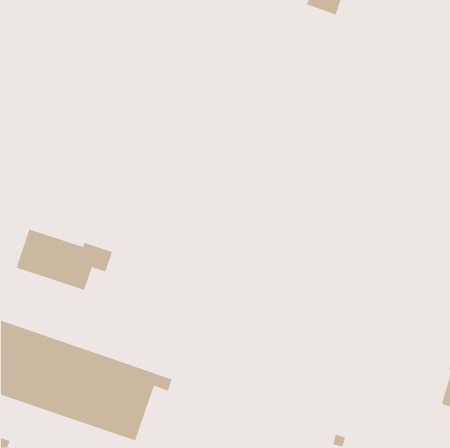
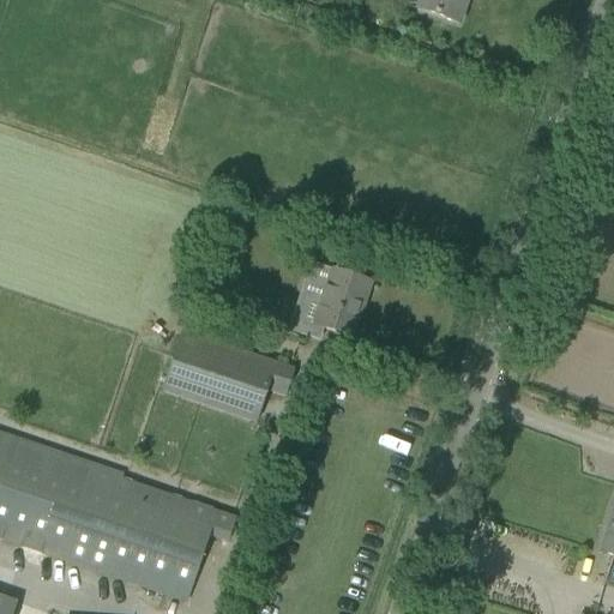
building: none -> [311,261,371,335]
building: [16,229,113,291] -> [162,335,294,419]

